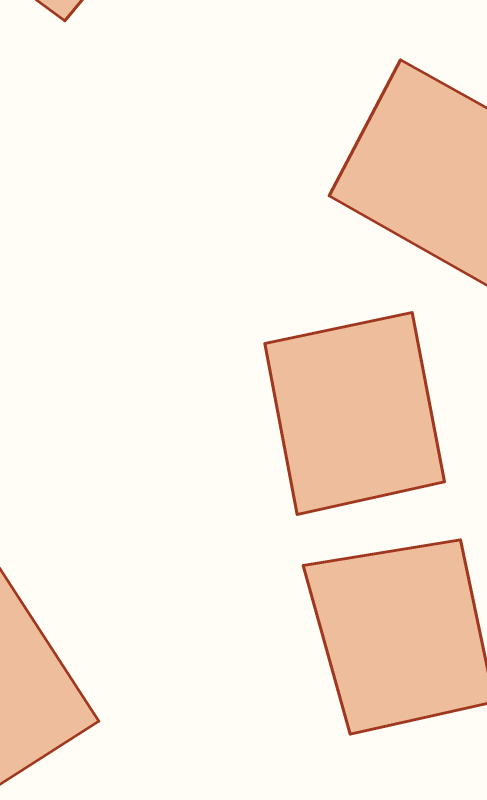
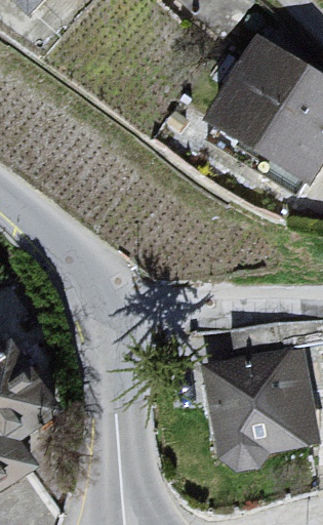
building: [265,313,445,515] -> none

